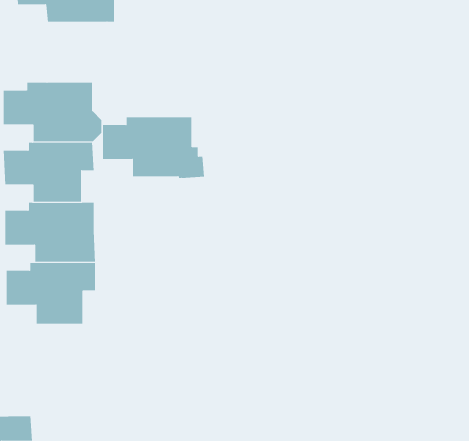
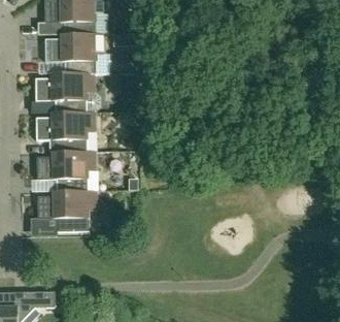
building: [102,117,205,178] -> [44,33,111,73]

